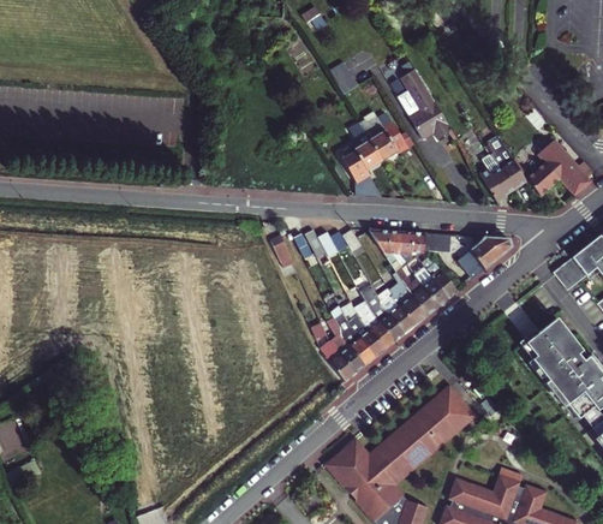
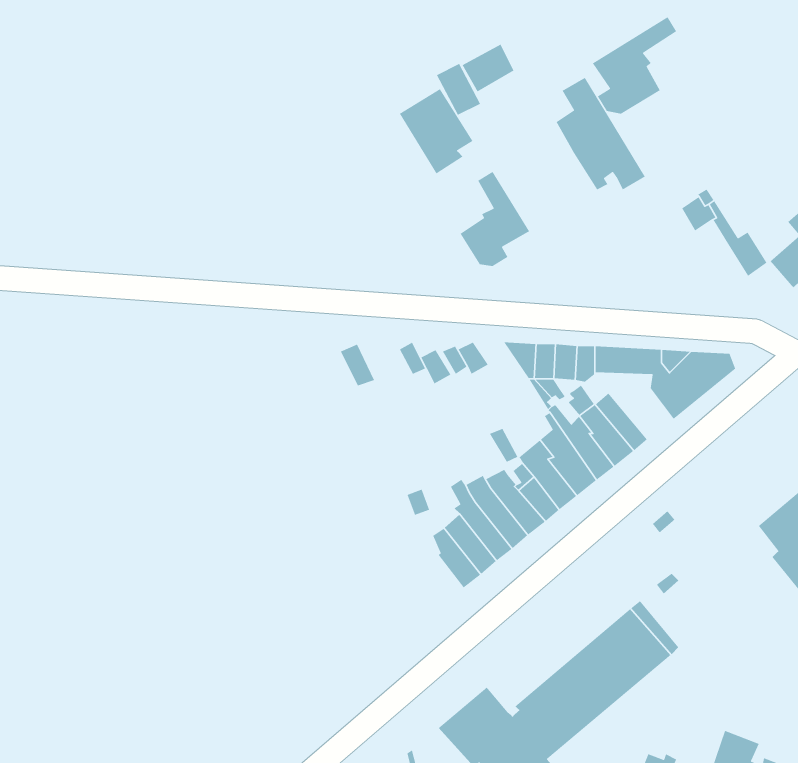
building: none -> [592,16,677,115]
building: [360,109,406,162] -> [399,88,473,174]
building: [486,167,517,201] -> none

